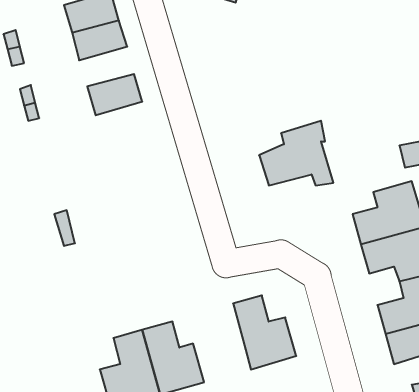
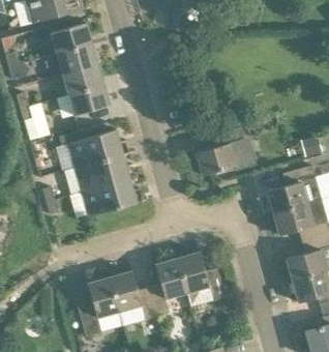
building: none -> [61,64,102,94]
building: none -> [58,122,143,217]
building: none -> [147,258,186,317]

